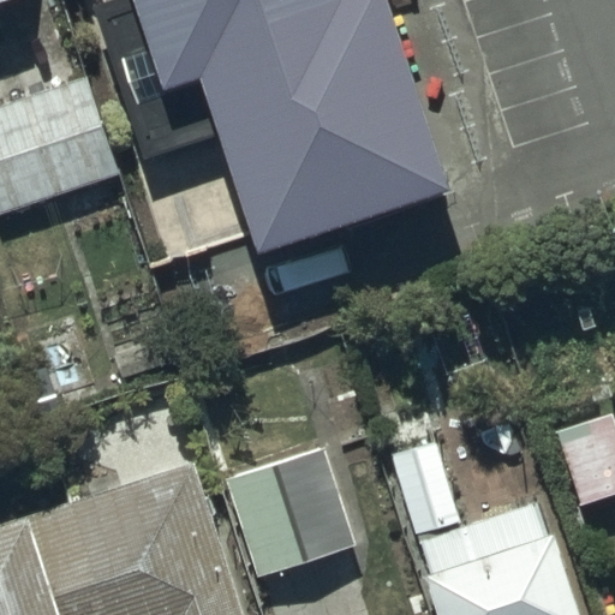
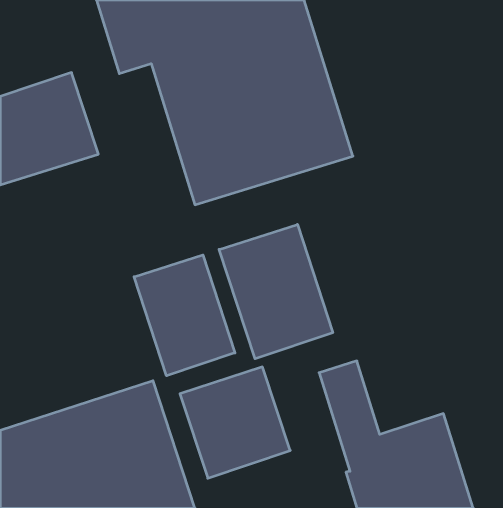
building: none -> [219,224,333,359]
building: none -> [134,255,235,376]

